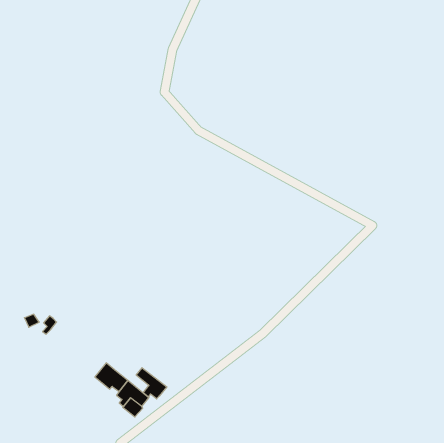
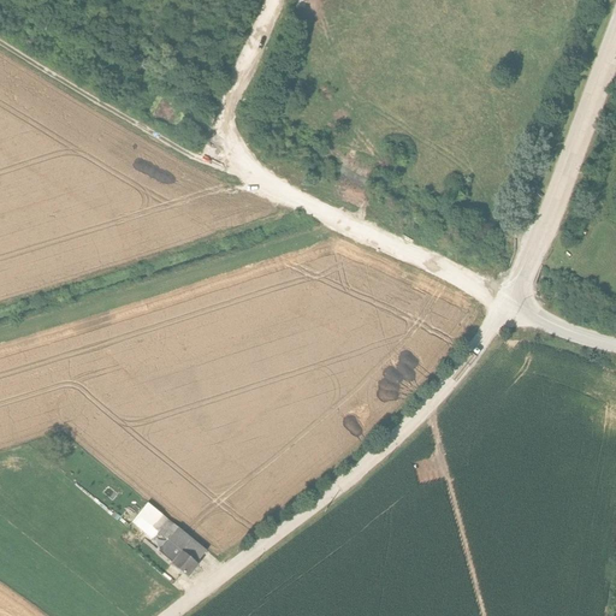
building: [136,368,167,399] -> none

